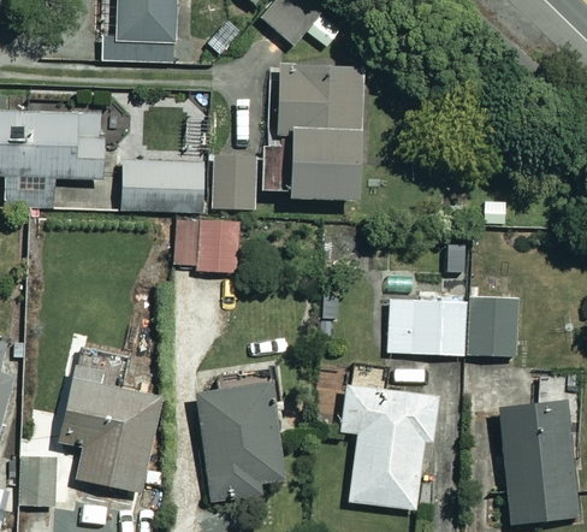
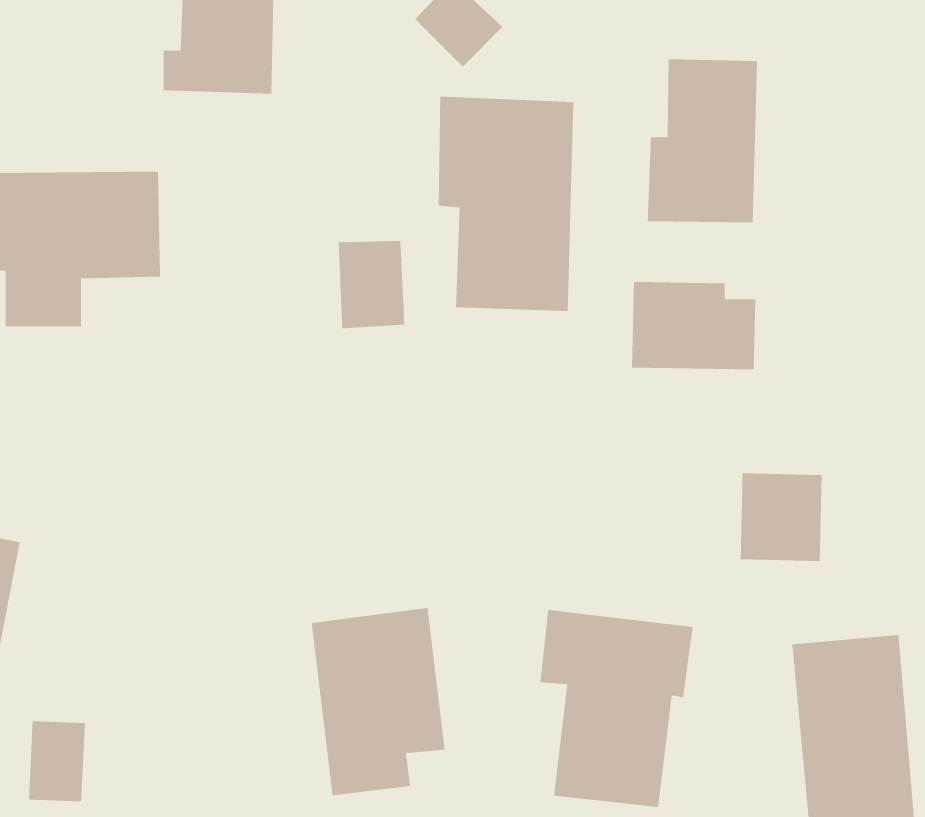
building: none -> [647,59,758,223]
building: [123,160,203,211] -> none
building: [176,220,238,271] -> none
building: [389,298,467,354] -> [631,281,756,370]
building: [58,349,161,491] -> none

